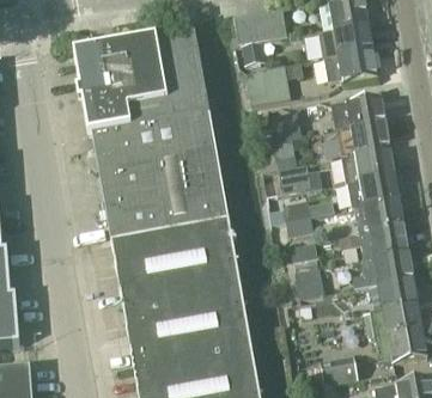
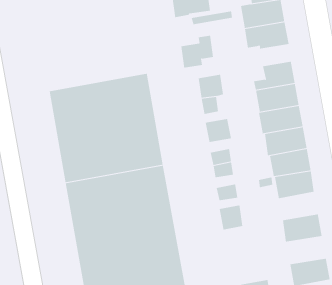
building: [78,35,209,136] -> none
building: [353,256,413,292] -> none
building: [367,308,422,342] -> none

